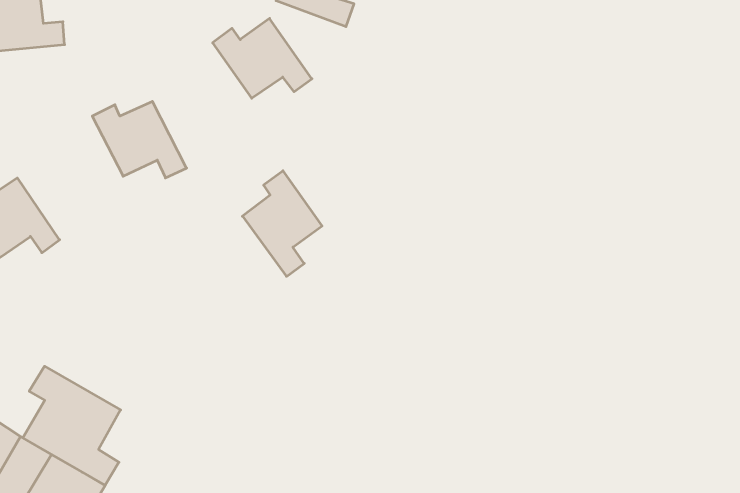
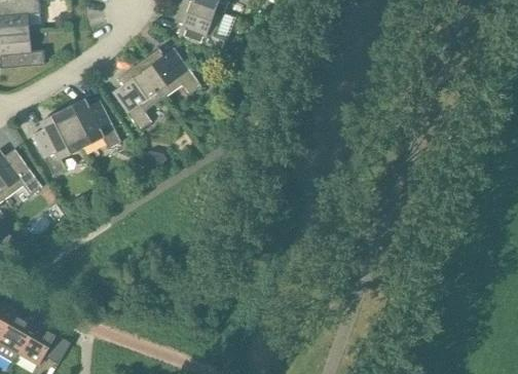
building: none -> [32,109,81,176]
building: [242,171,322,276] -> [112,63,162,129]
building: [23,366,121,485] -> none

